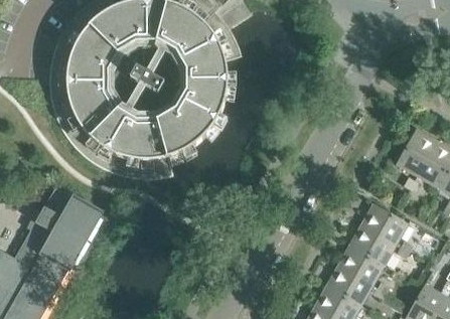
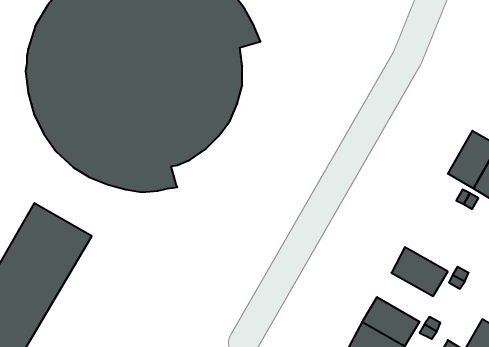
building: [362,202,410,244] -> none
building: [339,245,386,285] -> none

